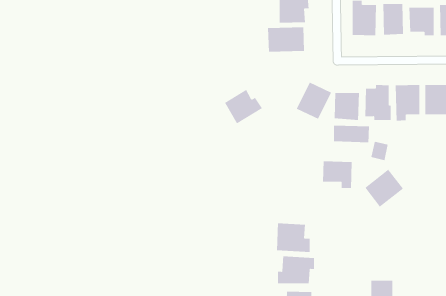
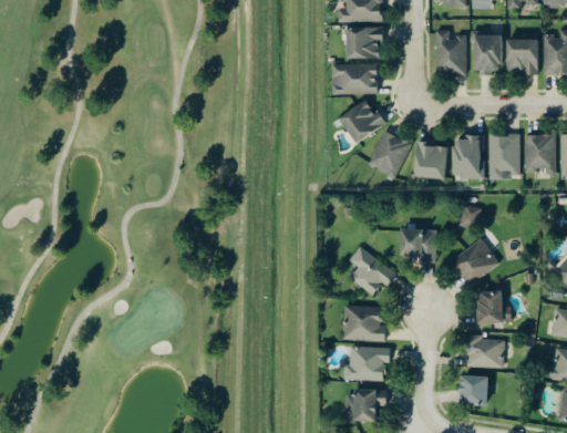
building: [224,89,263,124] -> [338,100,385,143]
building: [333,125,370,143] -> none
building: none -> [348,248,396,293]
building: none -> [477,291,511,323]
building: none -> [465,334,504,368]

